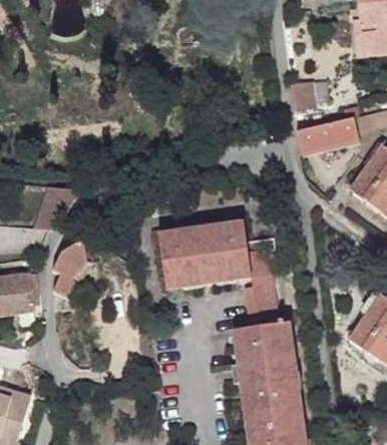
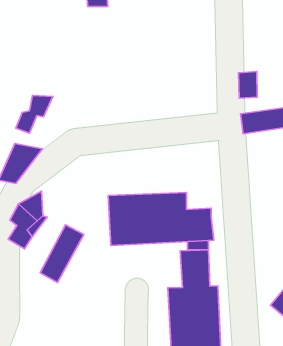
building: none -> [16,95,53,133]
building: none -> [40,225,84,282]

